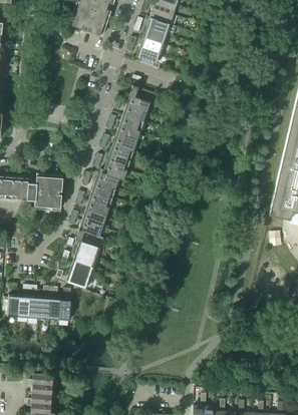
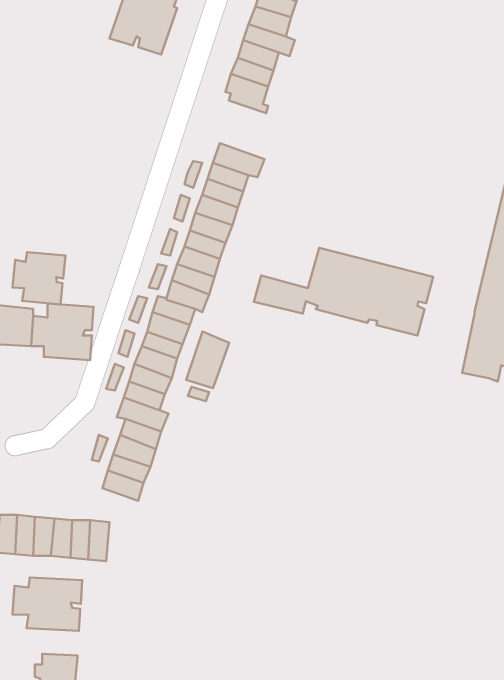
building: none -> [254,248,433,335]
building: none -> [12,252,65,304]
building: none -> [186,332,229,388]
building: none -> [12,577,82,631]

